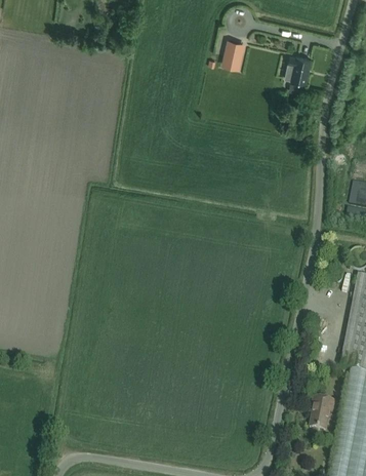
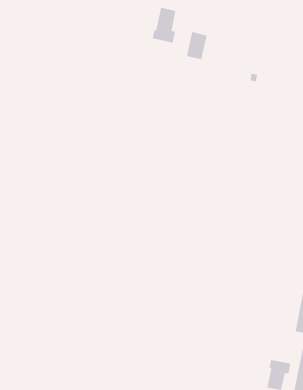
building: none -> [152,7,176,44]
building: [285,52,312,80] -> none

